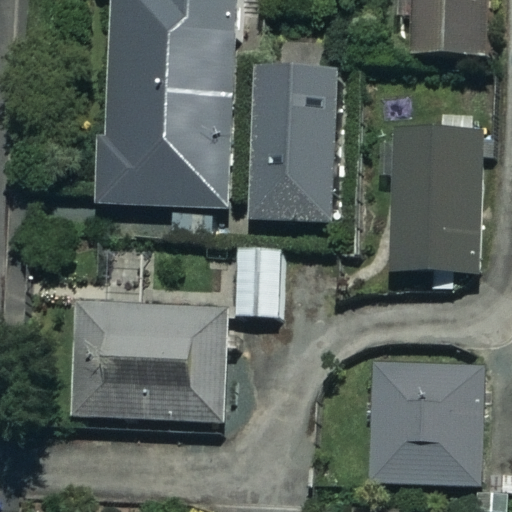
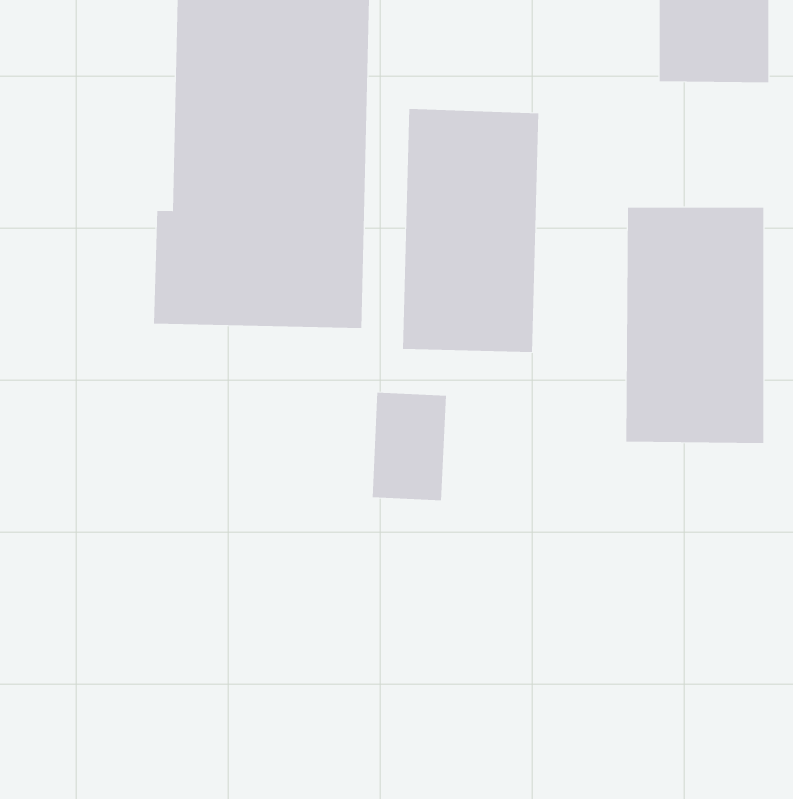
building: [72,301,223,417] -> none
building: [368,362,484,483] -> none

